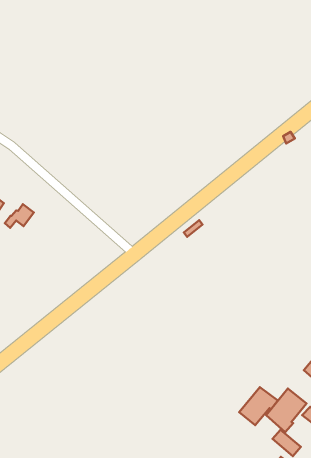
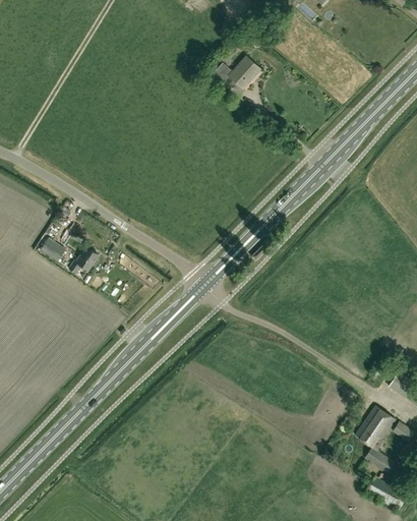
building: none -> [210,56,260,89]
building: [239,387,278,425] -> none

